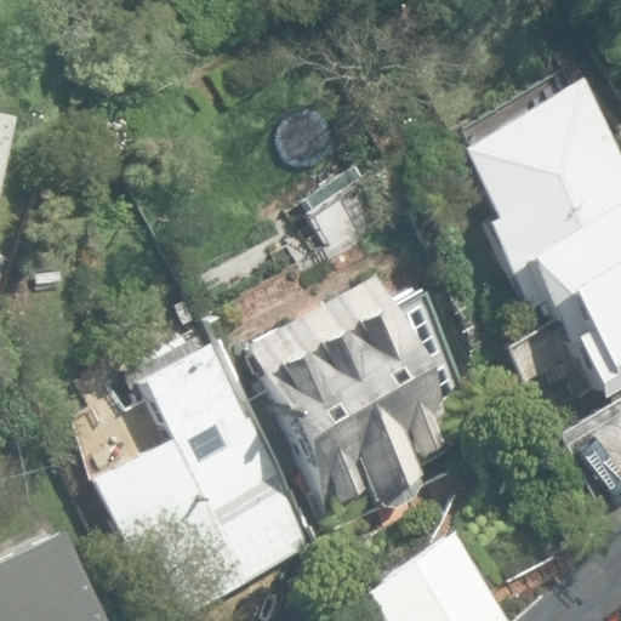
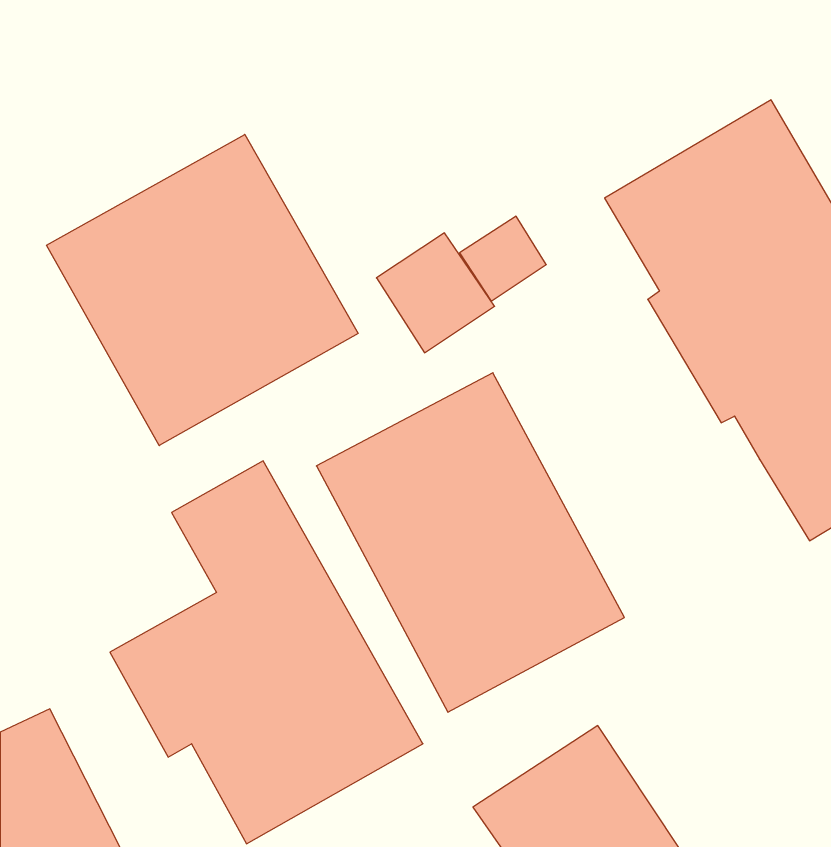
building: none -> [47,134,358,446]

